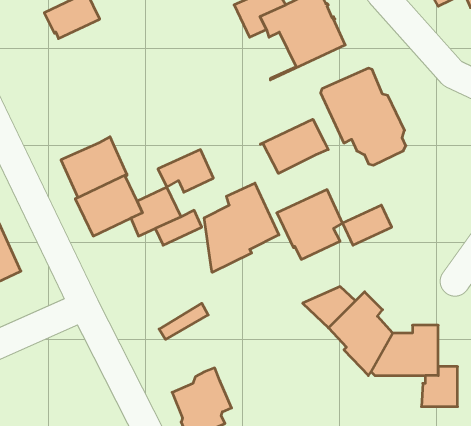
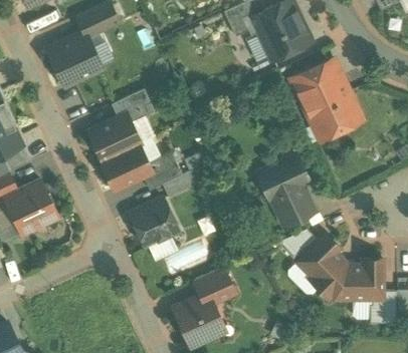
building: none -> [47,32,101,86]
building: [260,119,328,173] -> none
building: [158,150,213,192] -> [111,89,154,122]
building: [204,183,279,272] -> none
building: [343,205,392,245] -> [275,195,314,226]
building: none -> [129,198,178,247]
building: none -> [193,268,234,303]

